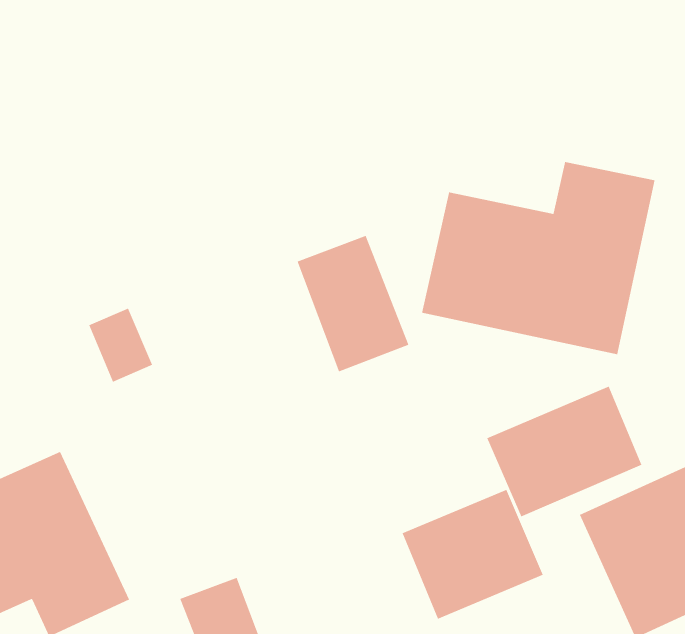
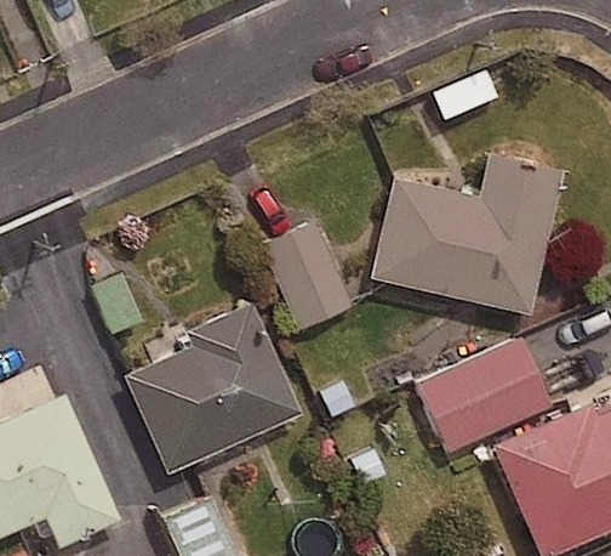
building: none -> [124,313,299,472]
building: [402,489,544,620] -> none

